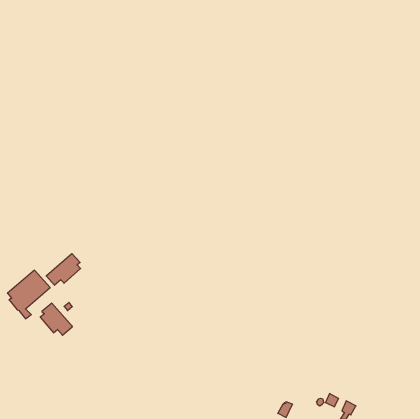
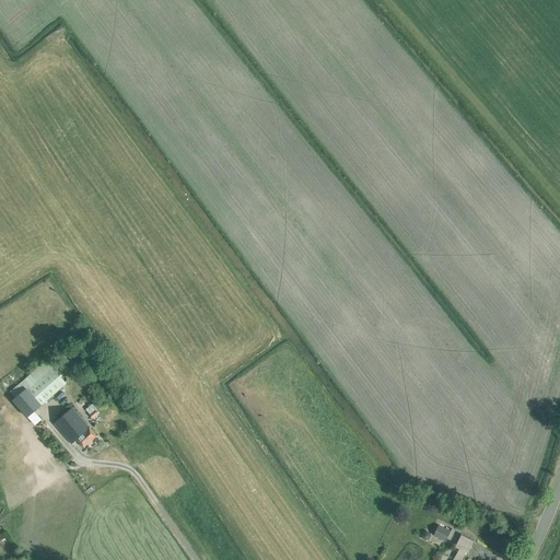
building: [46,254,81,285] -> none

